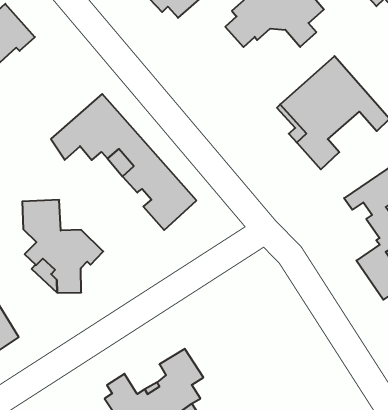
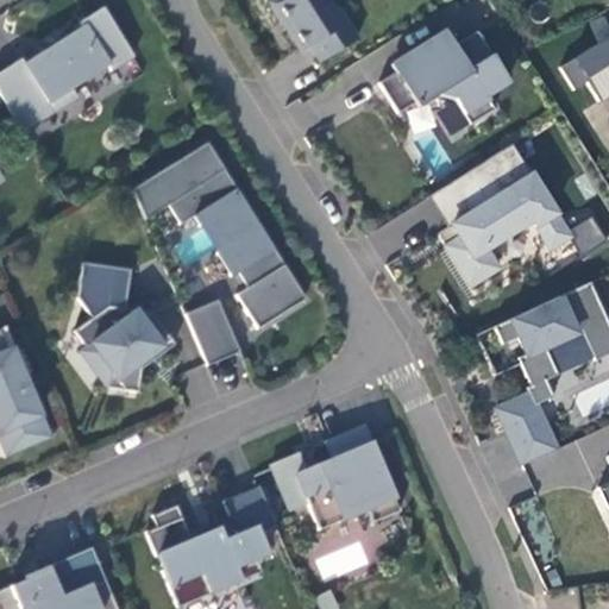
building: none -> [187,299,241,364]
building: none -> [272,423,401,528]

